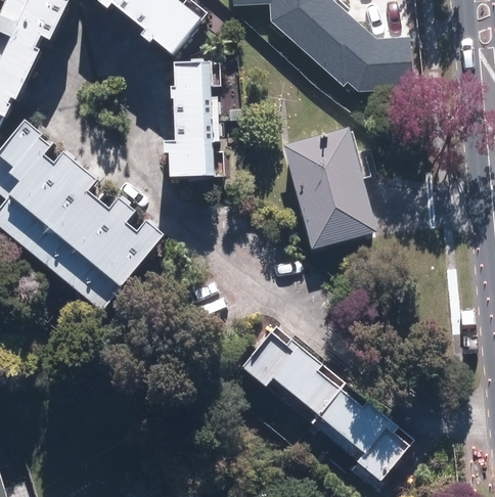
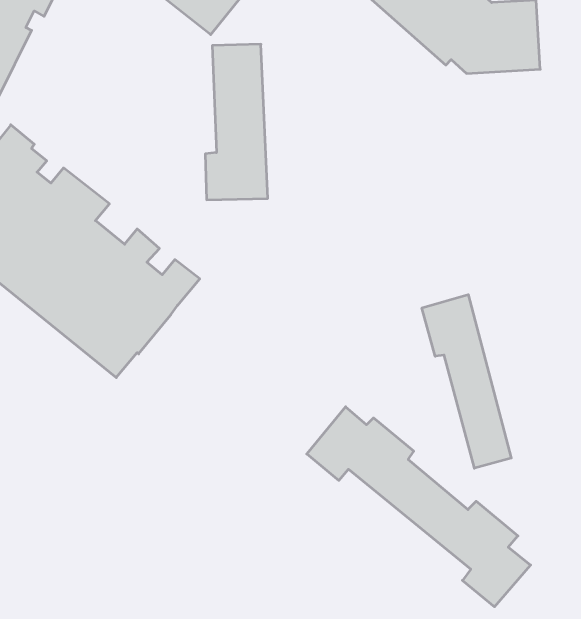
building: [282,125,376,246] -> none
building: none -> [422,295,511,468]

